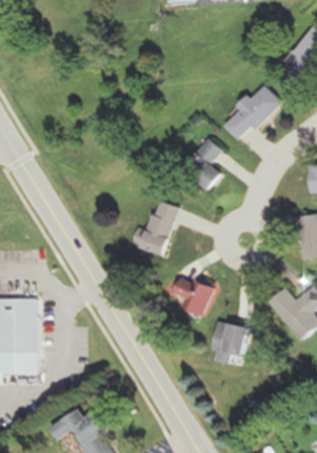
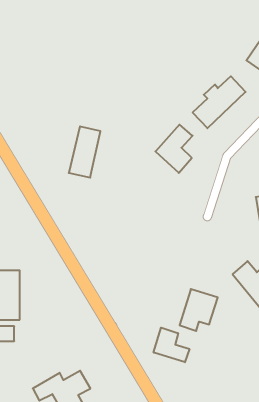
building: [143,199,177,254] -> [69,126,100,178]
building: [172,278,216,313] -> none
building: none -> [154,328,189,362]

